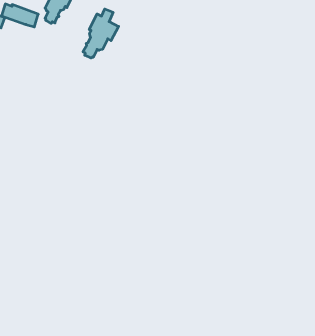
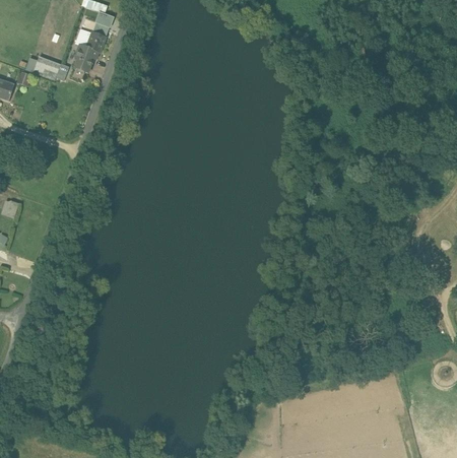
building: [83,9,119,58] -> none

